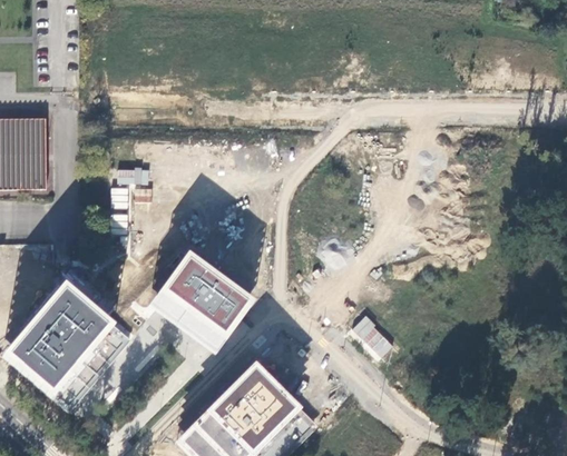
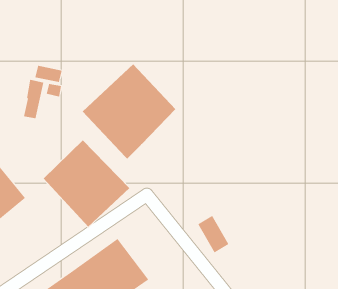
building: none -> [82,63,176,159]

